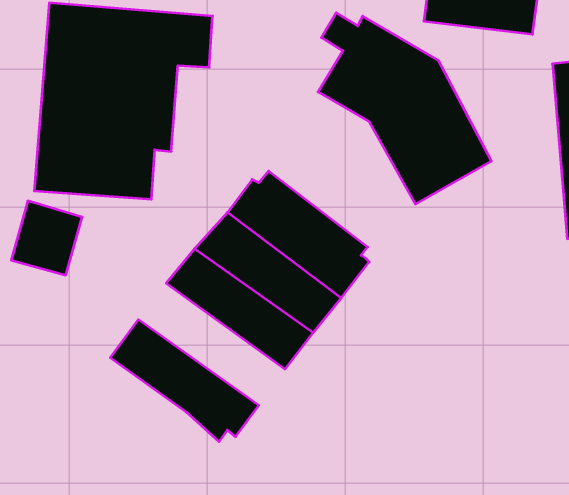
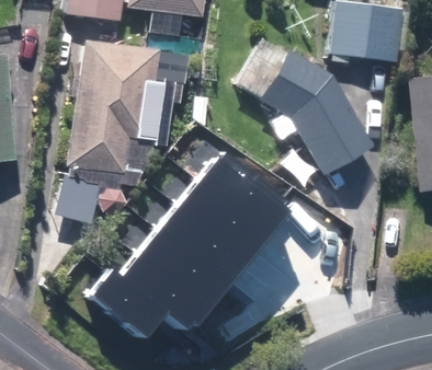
building: none -> [137,227,235,308]
building: none -> [87,268,169,343]

